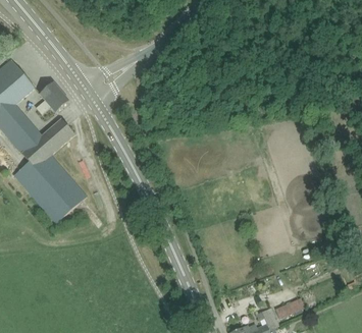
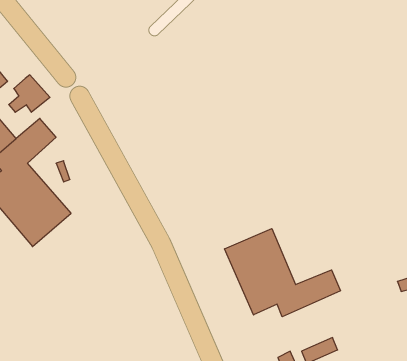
building: none -> [225,229,341,317]

